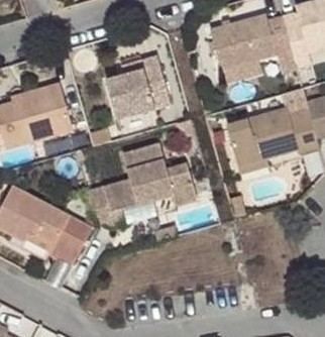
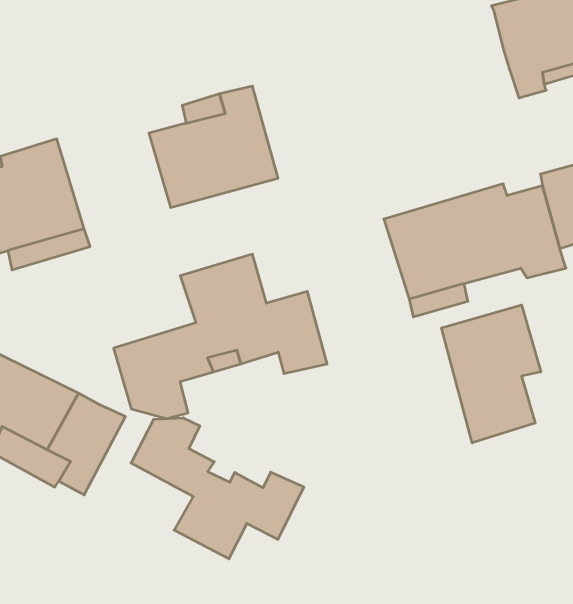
building: [210,15,291,70] -> none
building: none -> [442,305,541,443]
building: none -> [131,418,304,559]

